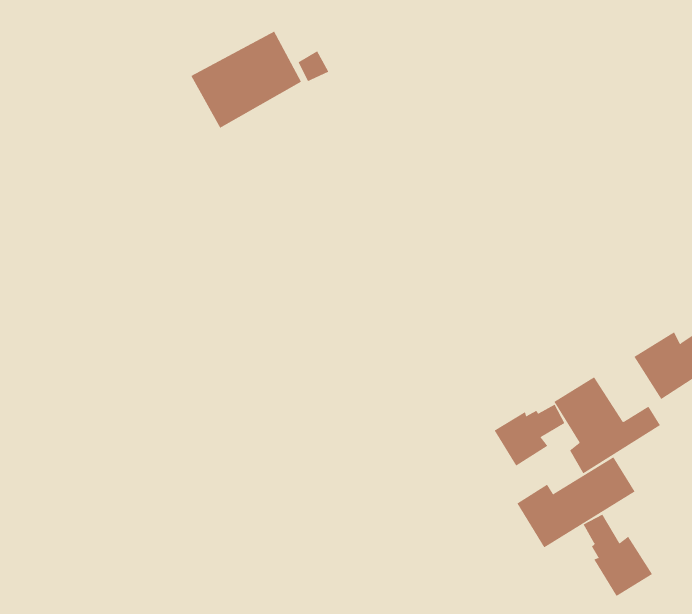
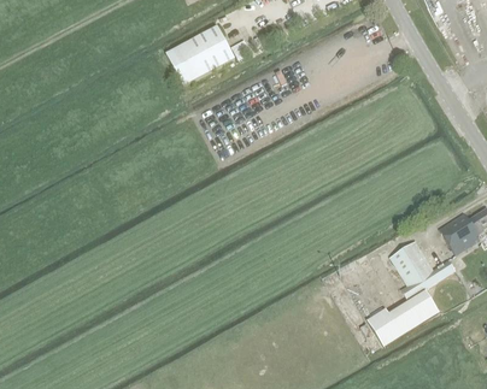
building: [494,404,565,467] -> none
building: [583,514,653,597] -> none

